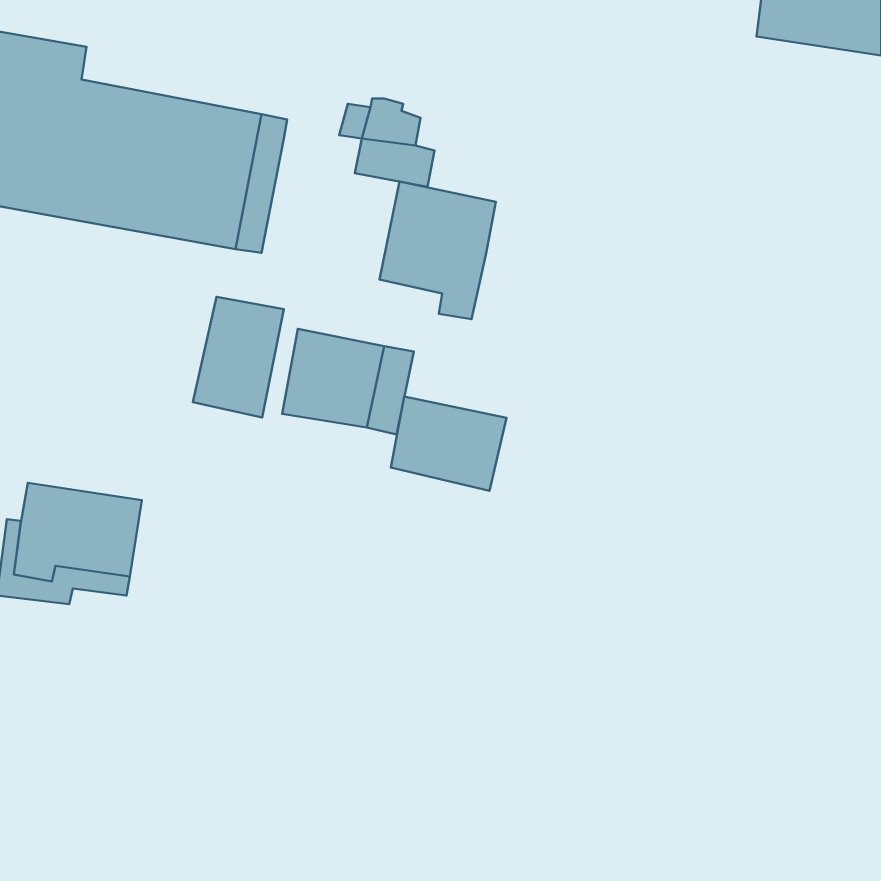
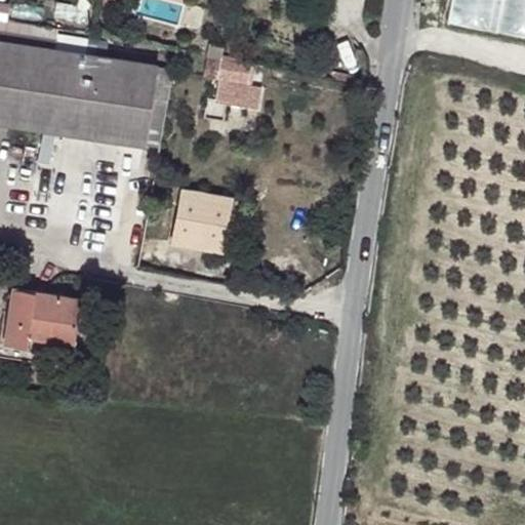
building: [380,182,496,319] -> none
building: [193,297,284,418] -> none
building: [391,397,506,491] -> none

